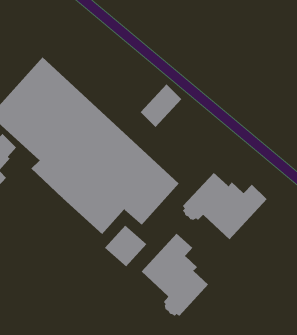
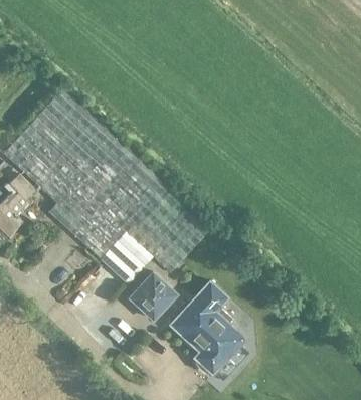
building: [140,83,182,128] -> none
building: [182,172,267,240] -> none

